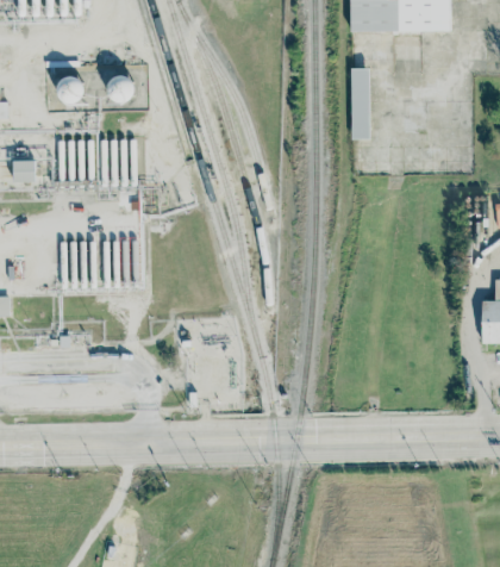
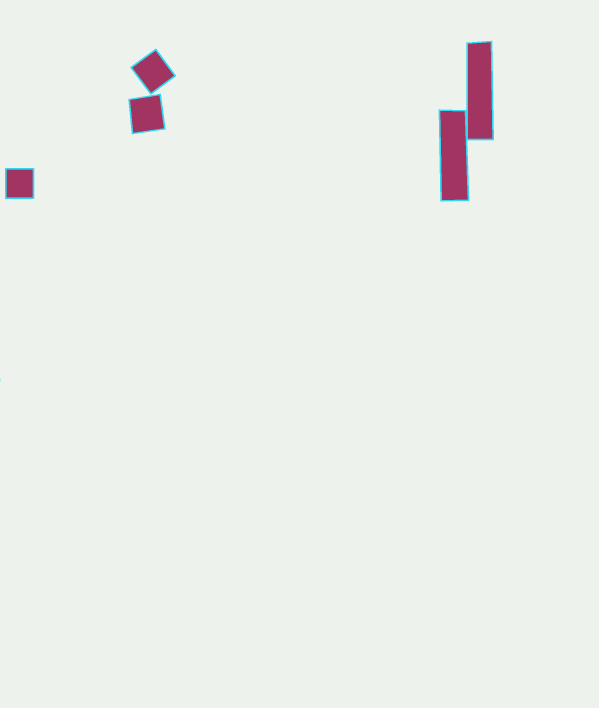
building: [58,76,85,105] -> [129,94,165,134]
building: none -> [440,110,469,201]

